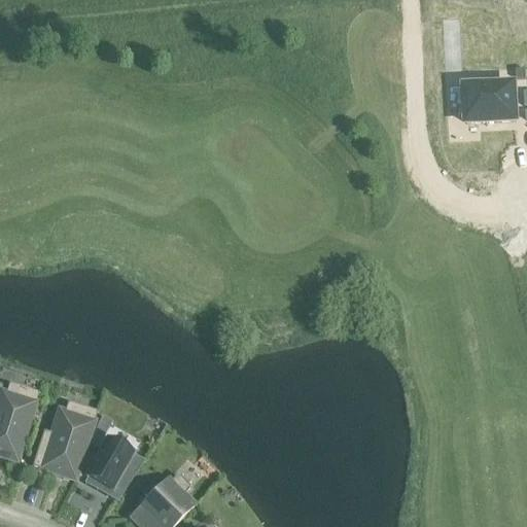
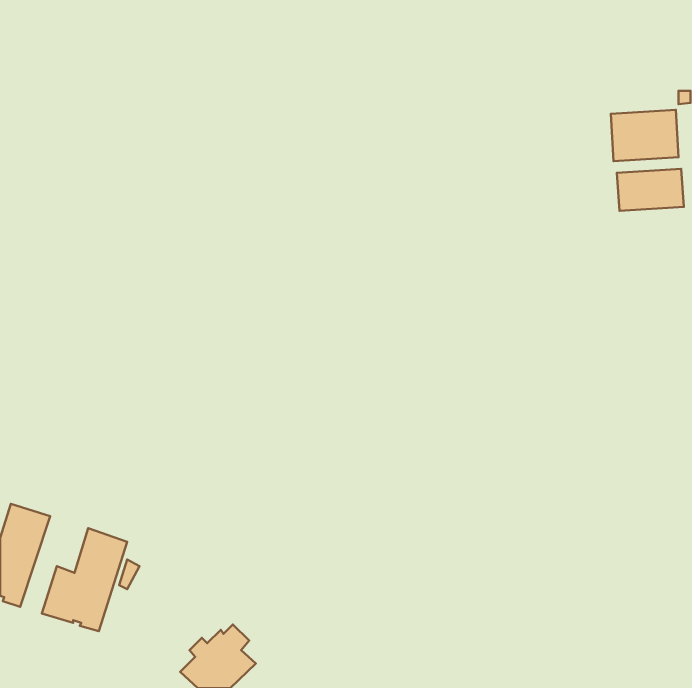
building: none -> [617,169,684,211]
building: [86,440,142,501] -> none

